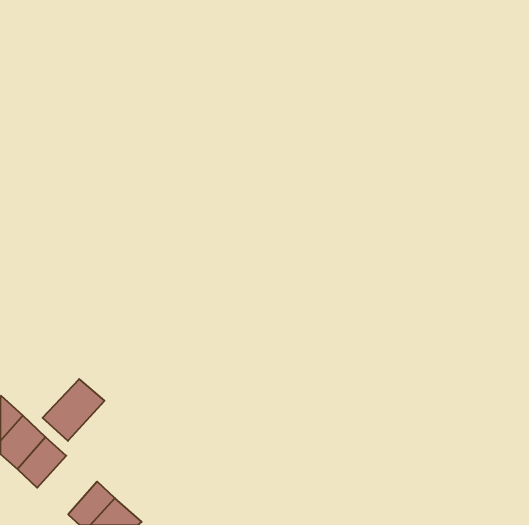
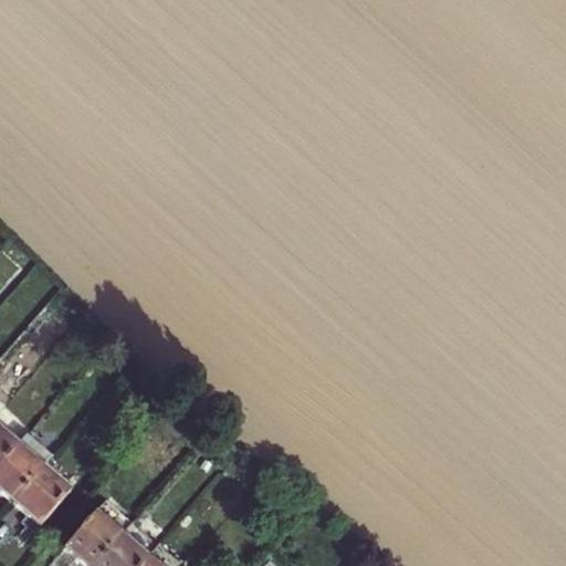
building: [43,379,104,441] -> none

